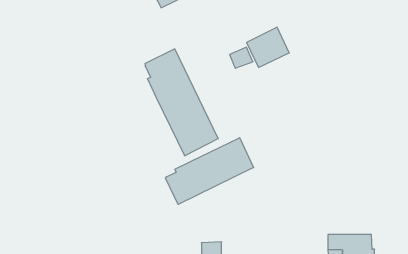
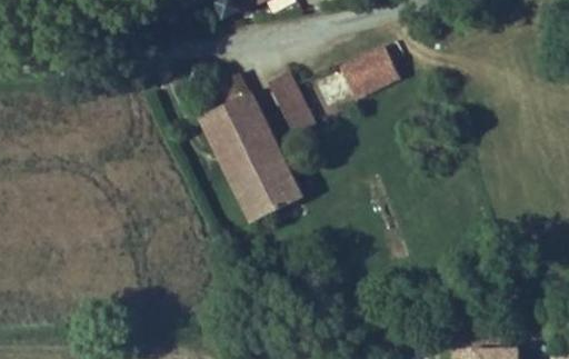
building: none -> [271,73,317,134]
building: [165,138,254,204] -> none

